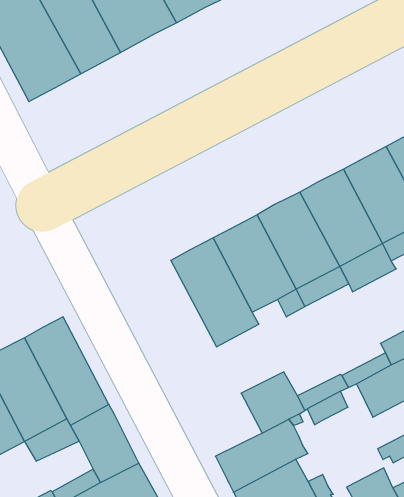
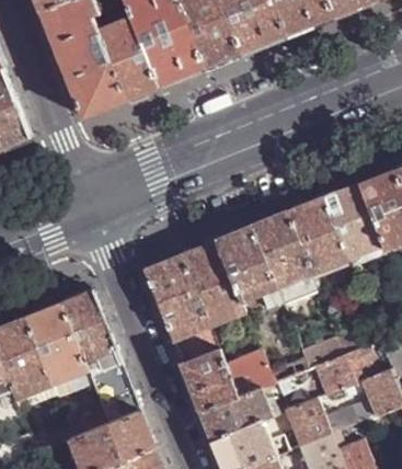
building: none -> [141,254,208,341]
building: none -> [179,348,237,411]
building: none -> [284,397,331,446]

